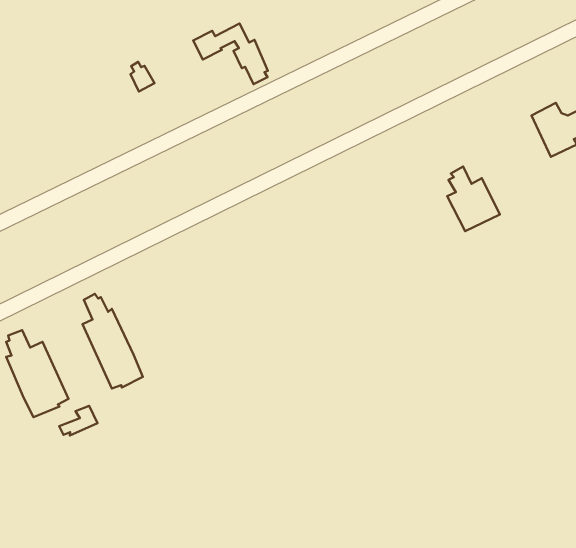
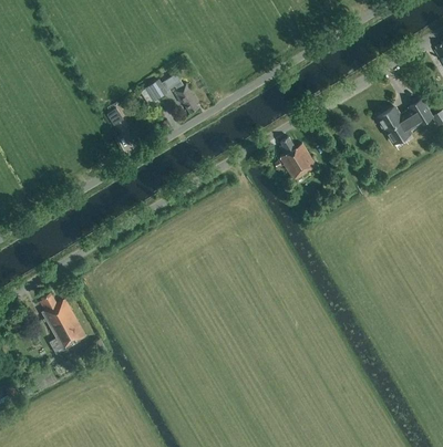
building: [447,166,500,231] -> [279,137,316,180]
building: [82,294,143,388] -> none

